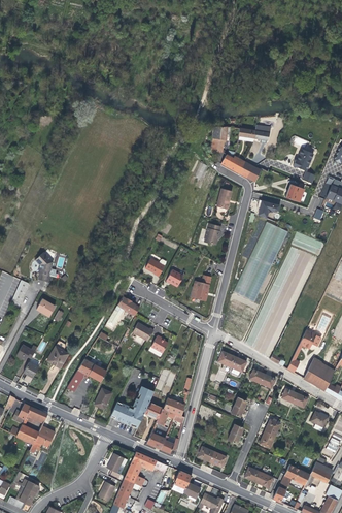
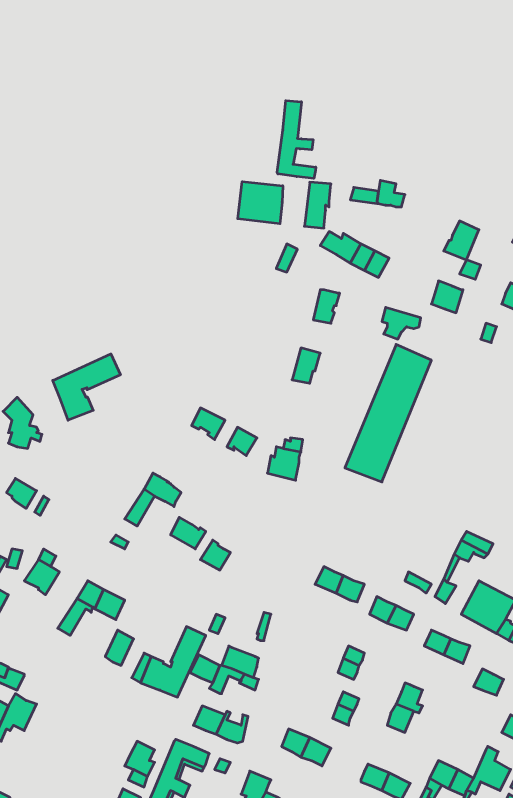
building: none -> [277,101,316,178]
building: none -> [238,182,283,224]
building: none -> [53,354,120,420]

